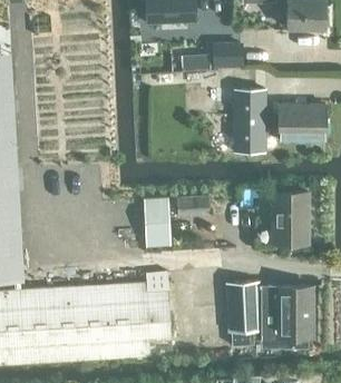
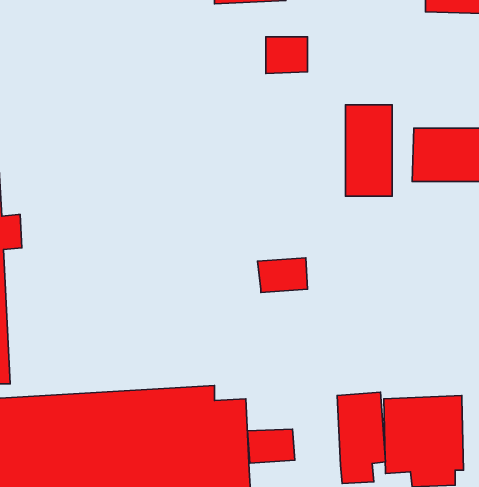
building: [212,42,243,68] -> none
building: [274,195,310,245] -> none
building: [146,197,178,247] -> none
building: none -> [247,429,295,463]

